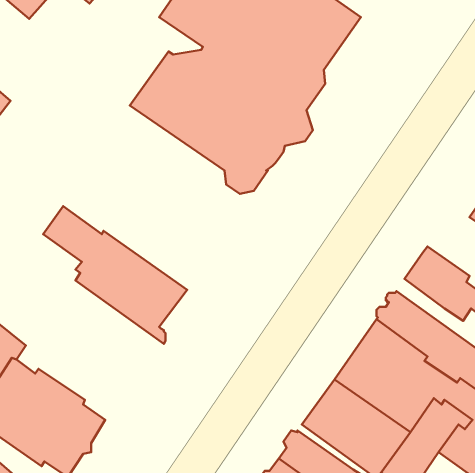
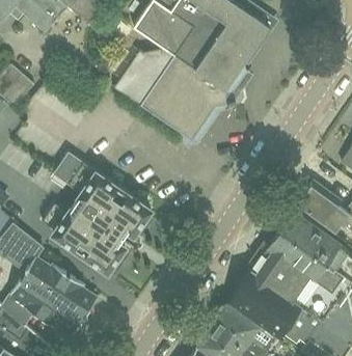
building: none -> [52,203,136,273]

